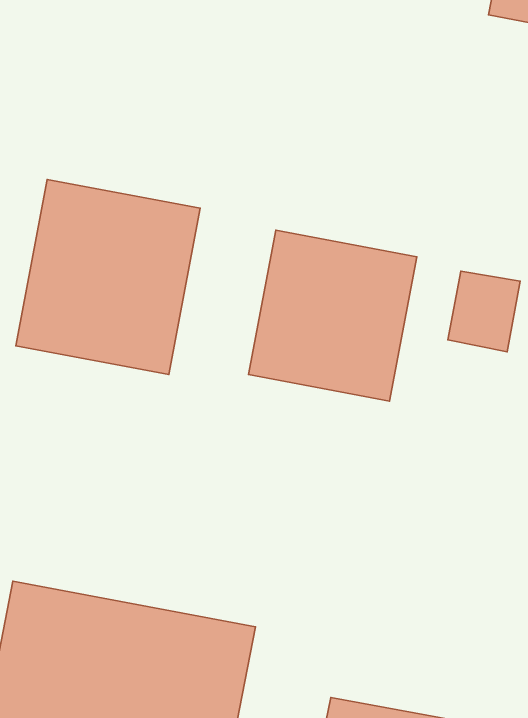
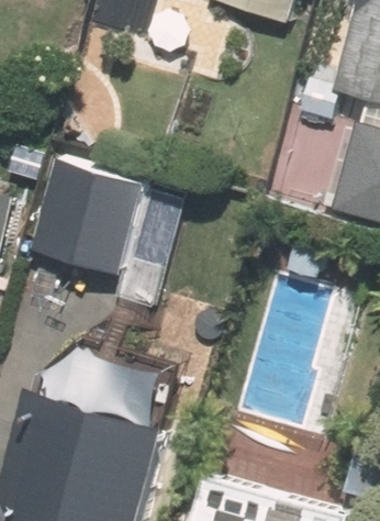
building: [248,230,417,401] -> none

